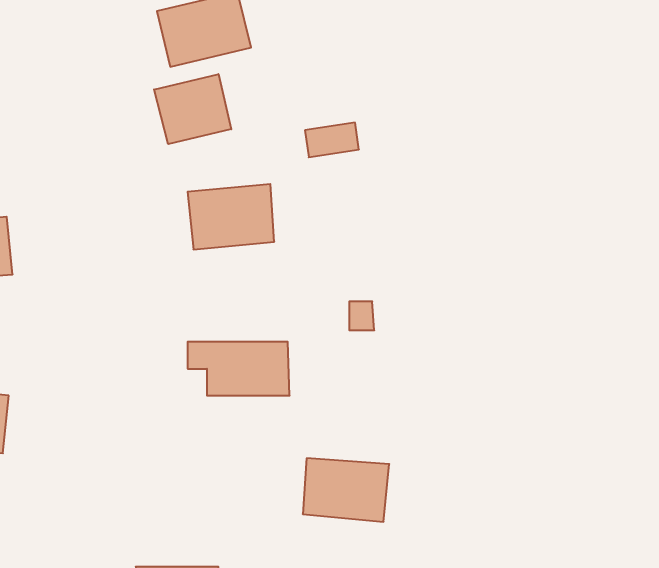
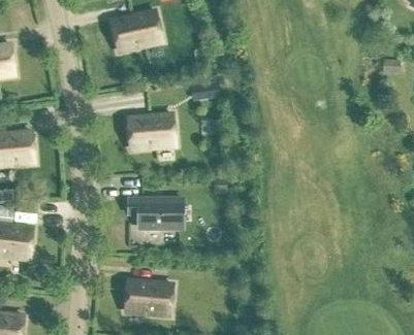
building: [154,74,231,144] -> none
building: [303,458,389,522] -> [125,280,171,314]

